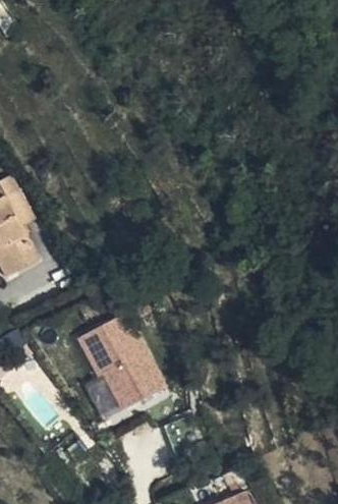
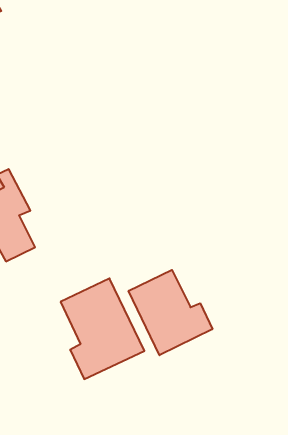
building: none -> [129,270,212,355]

